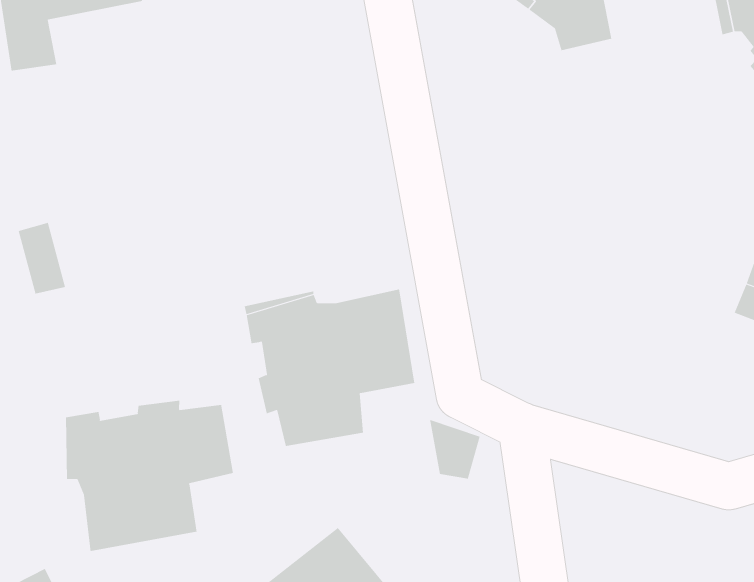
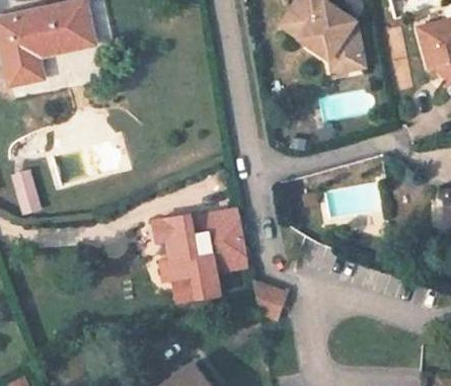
building: [66,400,233,552] -> none

